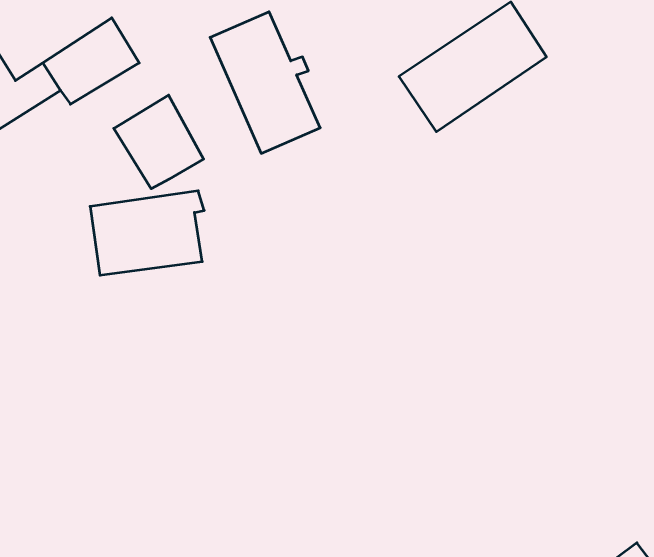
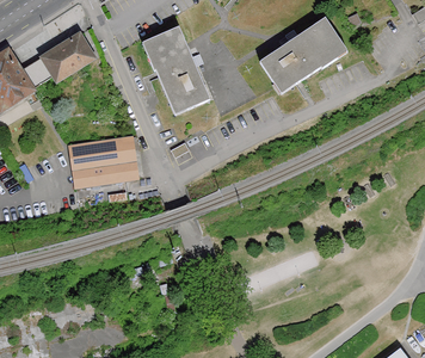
building: [114,95,204,189] -> none

